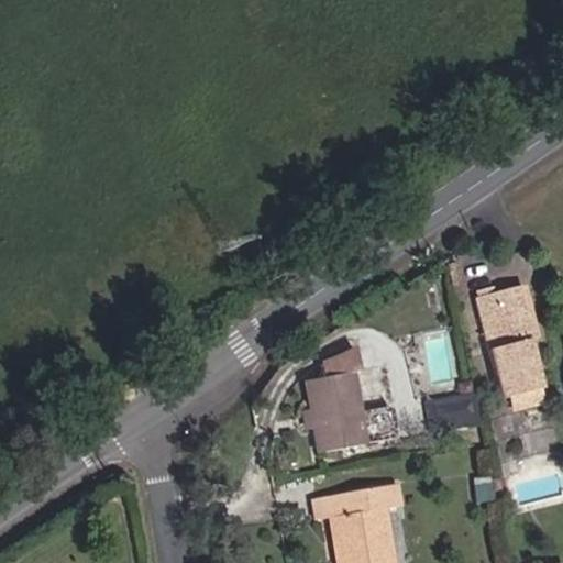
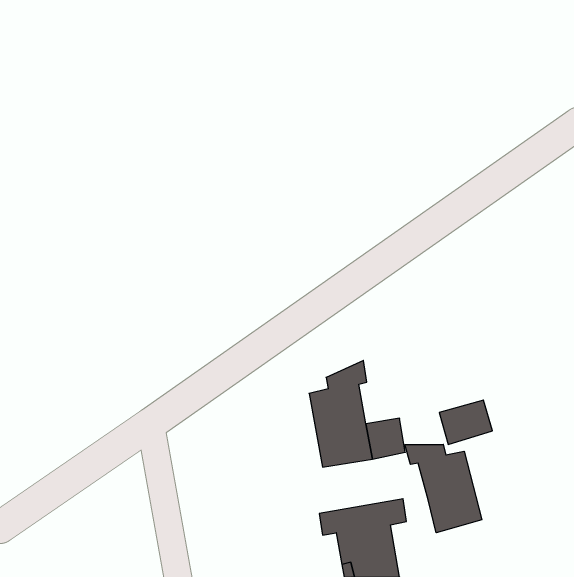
building: [477,285,544,398] -> none
building: none -> [405,444,482,533]

